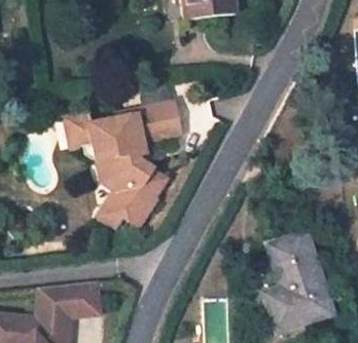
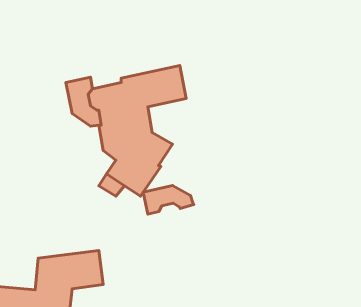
building: none -> [143,186,194,214]
building: [265,232,332,329] -> none

